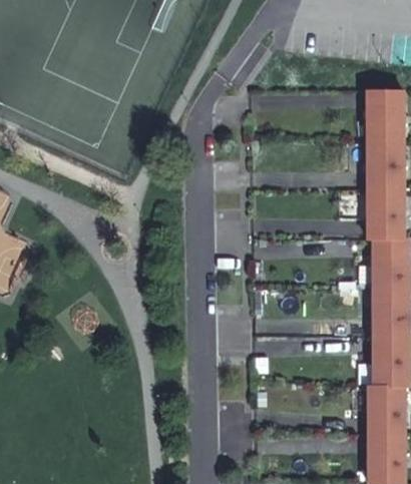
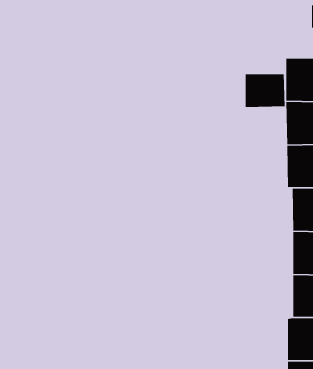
building: none -> [245,74,286,108]

